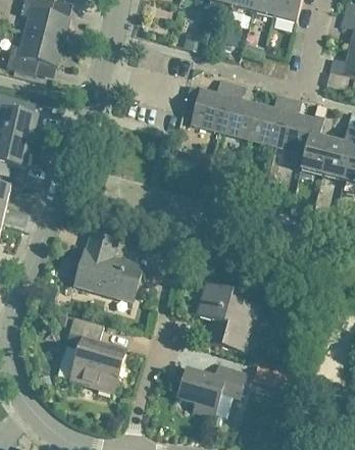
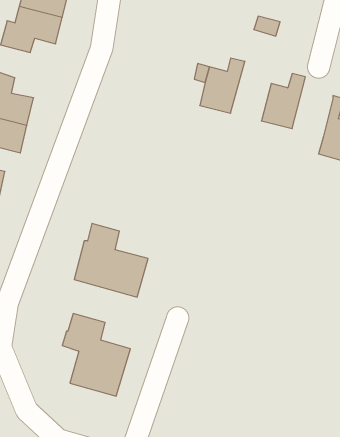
building: [219,83,257,138] -> none
building: [276,97,314,153] -> none
building: [196,282,258,353] -> none
building: [178,364,247,417] -> none

